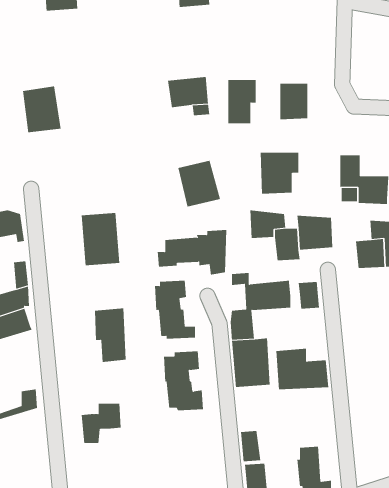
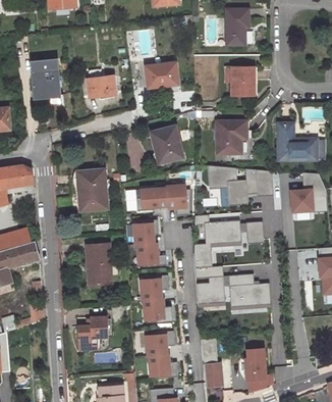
building: [228,80,256,124] -> [226,11,248,46]
building: none -> [85,74,114,97]
building: none -> [146,331,177,378]

